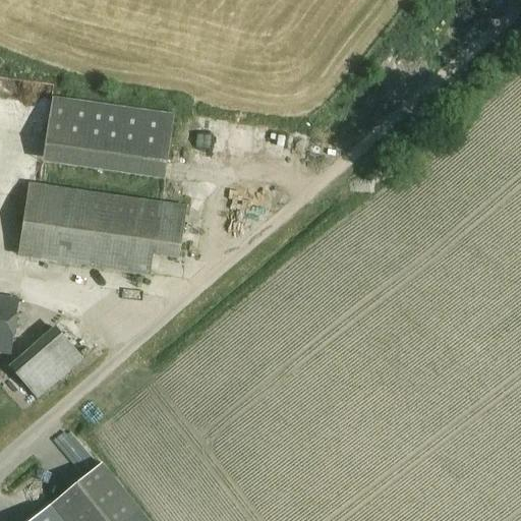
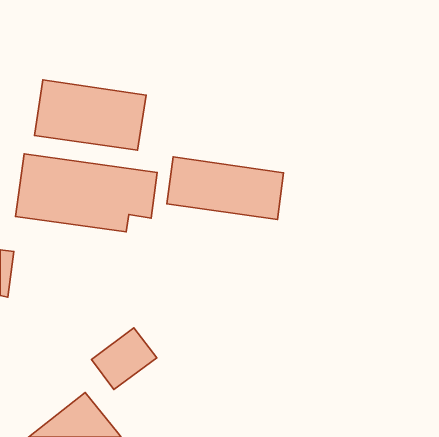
building: none -> [167,157,283,219]
building: [10,322,88,395] -> [92,328,157,390]

